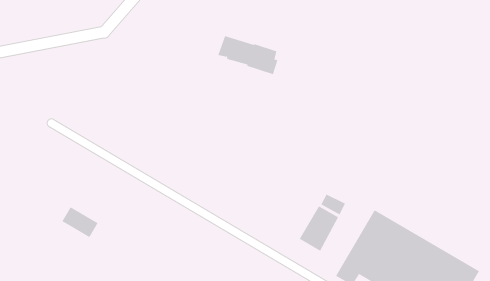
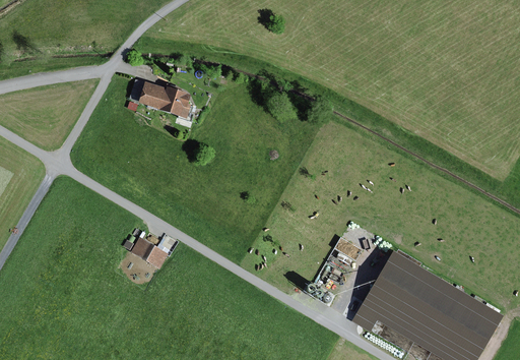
building: [218,36,278,75] -> [128,78,191,119]
building: [61,206,99,238] -> [130,236,169,268]

